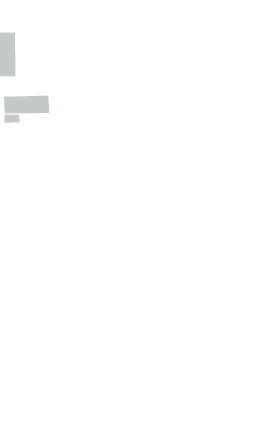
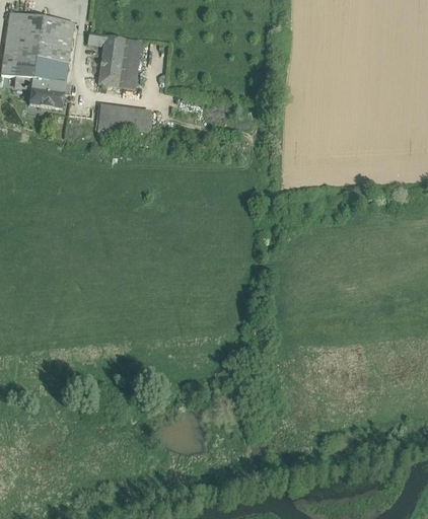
building: none -> [119,38,143,88]

